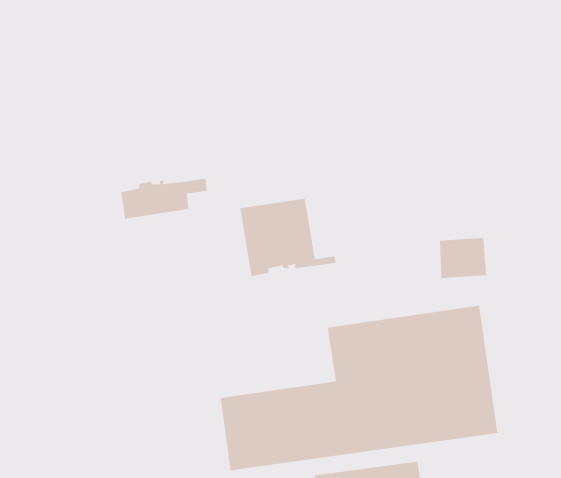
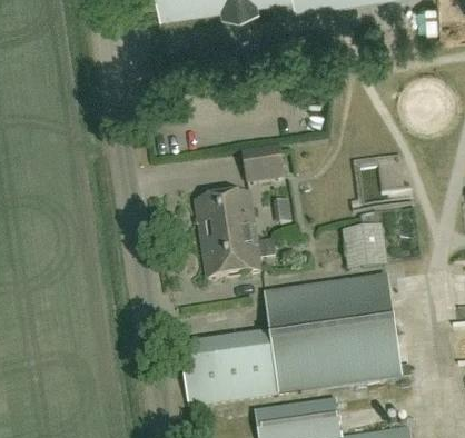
building: none -> [241,148,285,187]
building: [120,178,207,219] -> [205,247,274,279]

